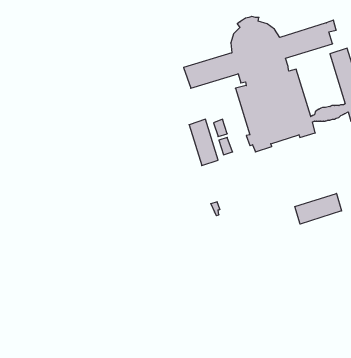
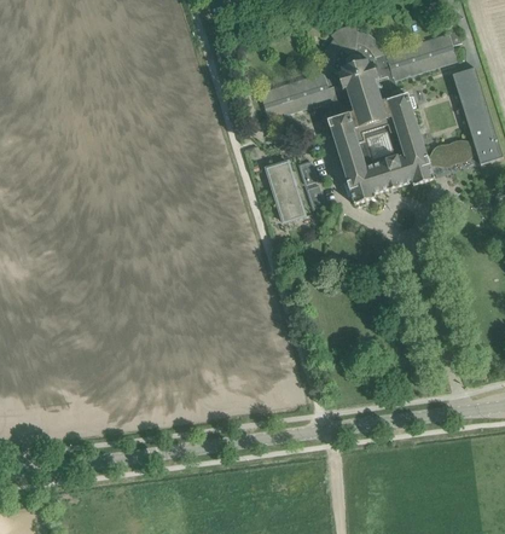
building: [295,193,342,224] -> none

